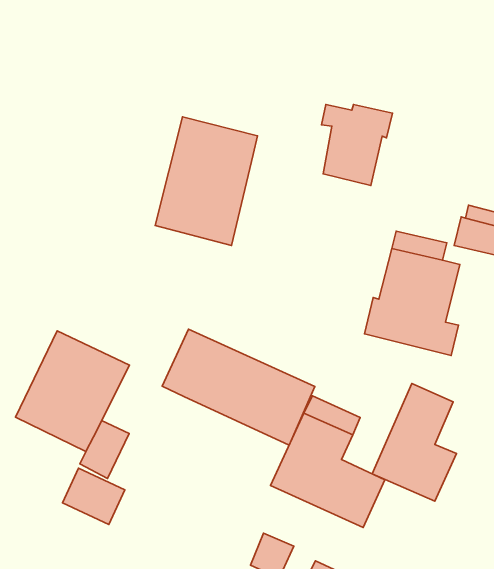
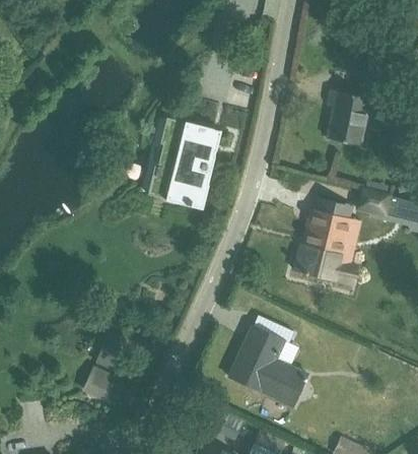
building: [322,104,392,185] -> [327,91,376,148]
building: [162,329,315,445] -> none
building: [16,331,130,451] -> none
building: [372,384,456,501] -> none

